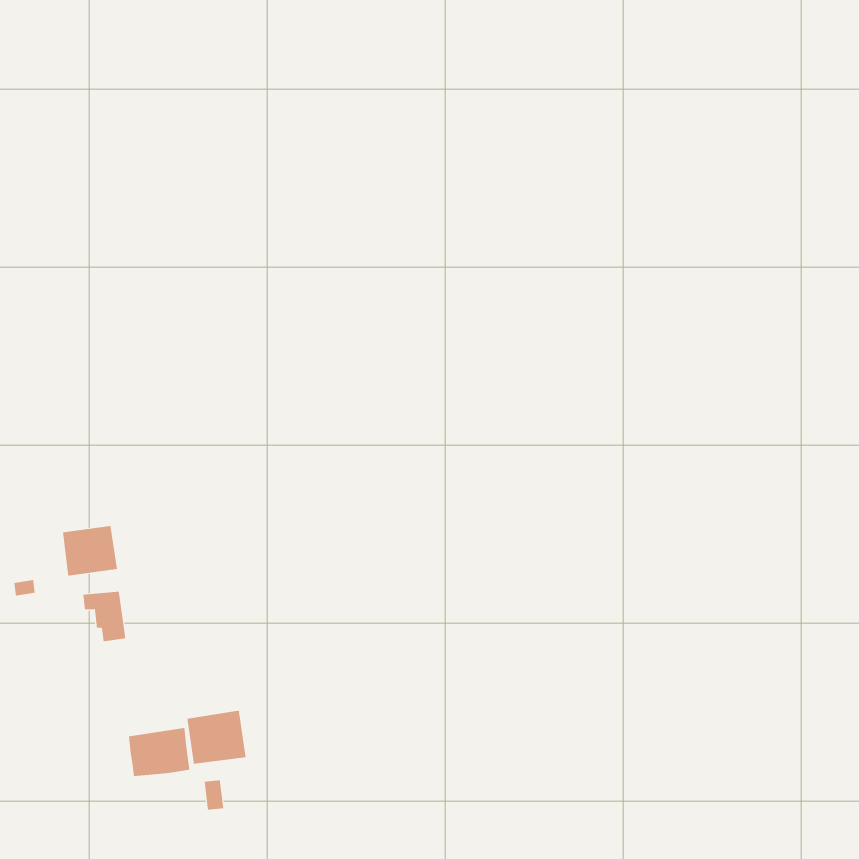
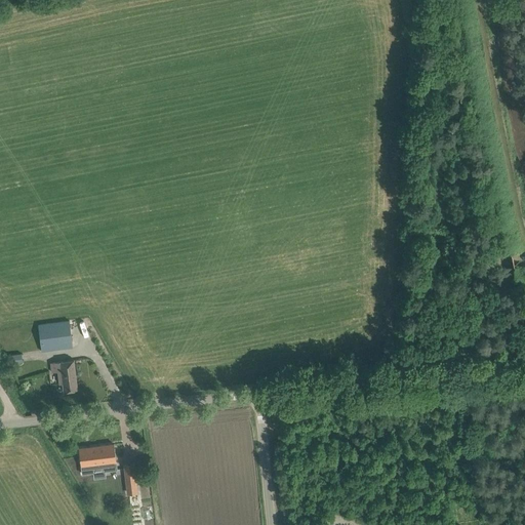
building: [187,710,246,765] -> none

